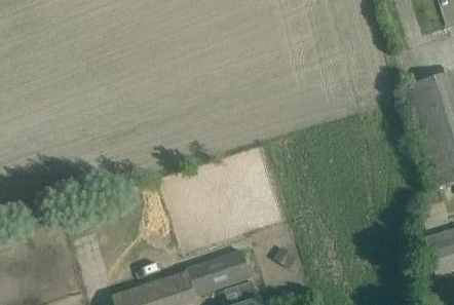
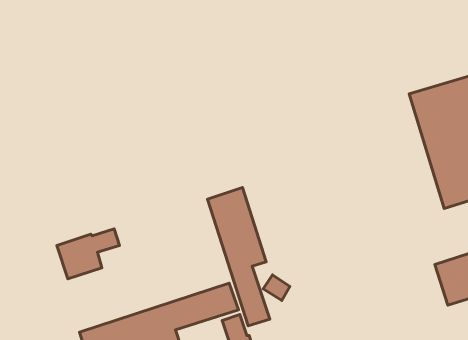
building: none -> [207,188,270,326]
building: none -> [57,229,119,279]

